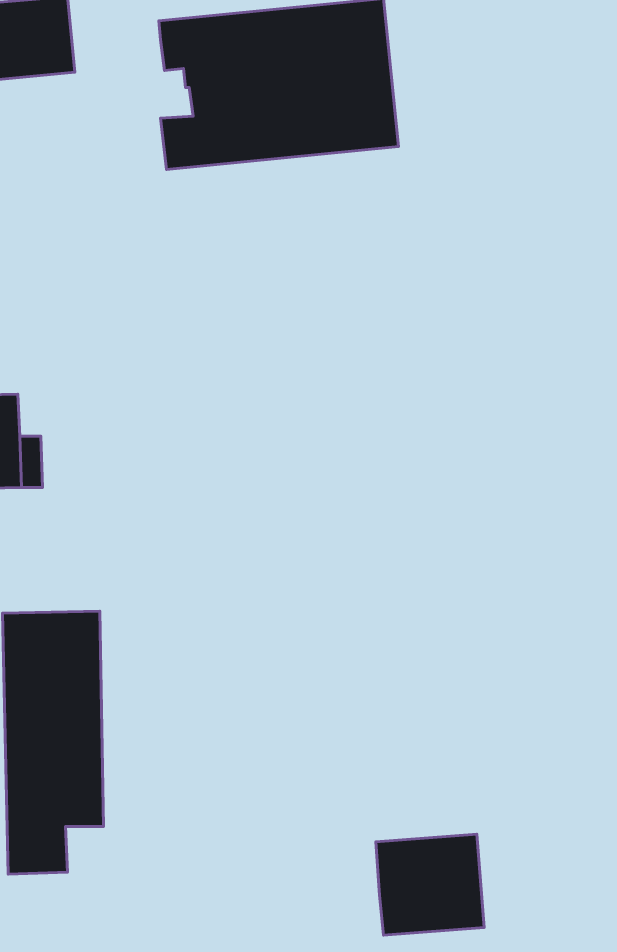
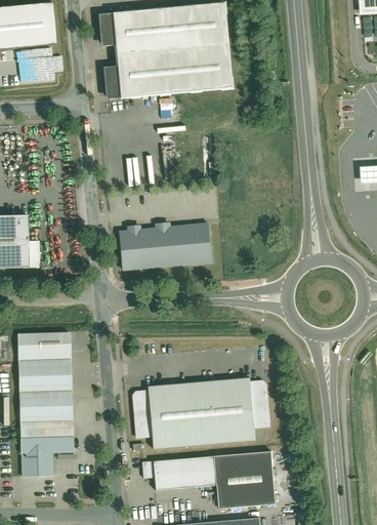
building: none -> [118,221,213,270]
building: none -> [132,375,270,445]
building: none -> [146,457,220,490]

